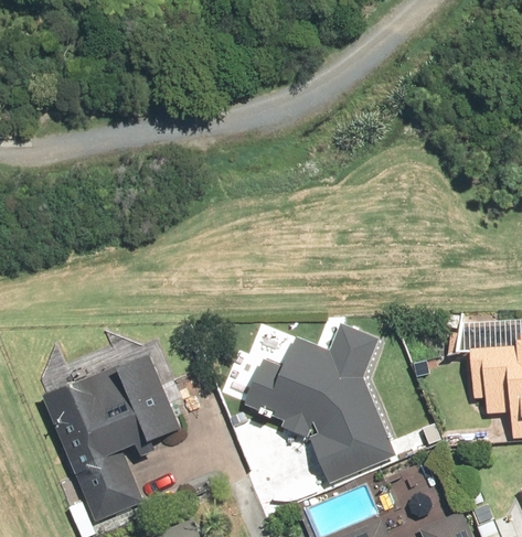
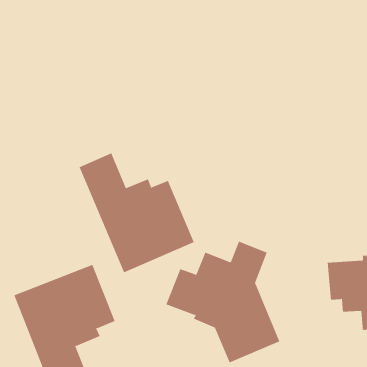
building: none -> [79,153,195,273]

